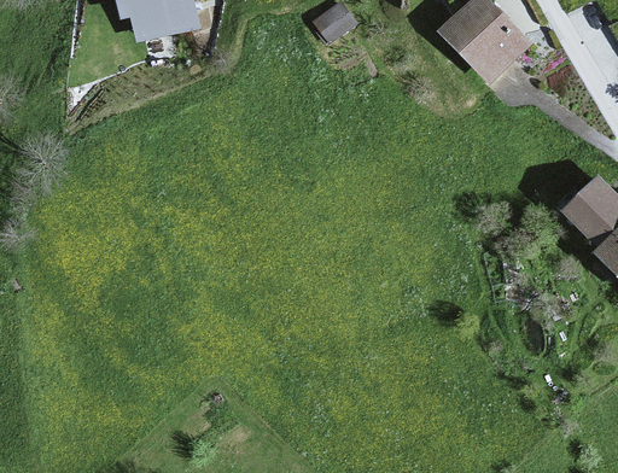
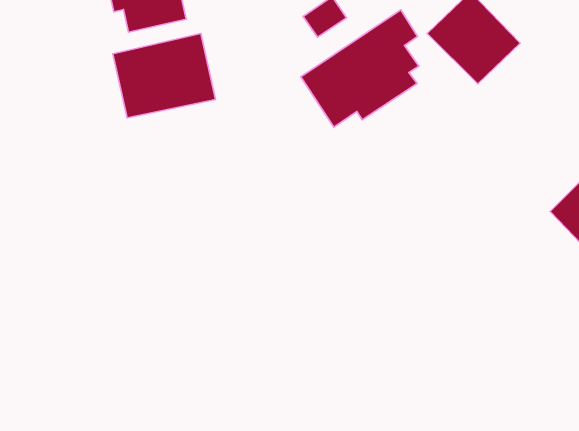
building: none -> [301,10,419,127]
building: none -> [113,34,215,118]

